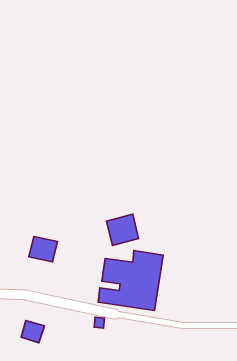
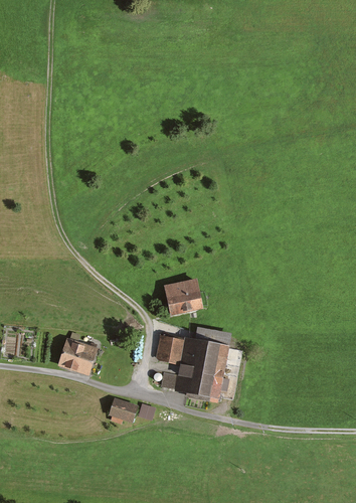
building: [29,236,58,262] -> [61,337,98,369]
building: [21,320,44,343] -> [108,396,137,425]

